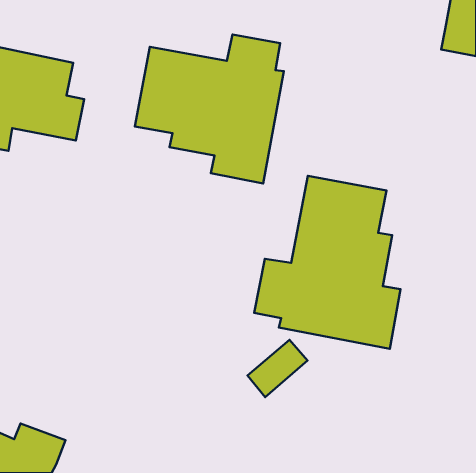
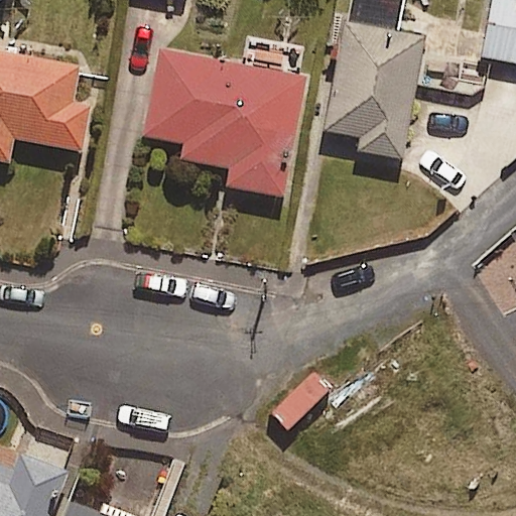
building: none -> [326,22,425,159]
building: [254,176,401,349] -> none

